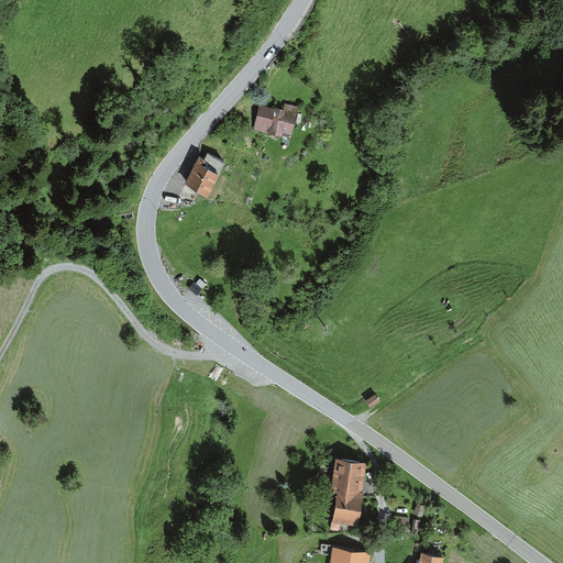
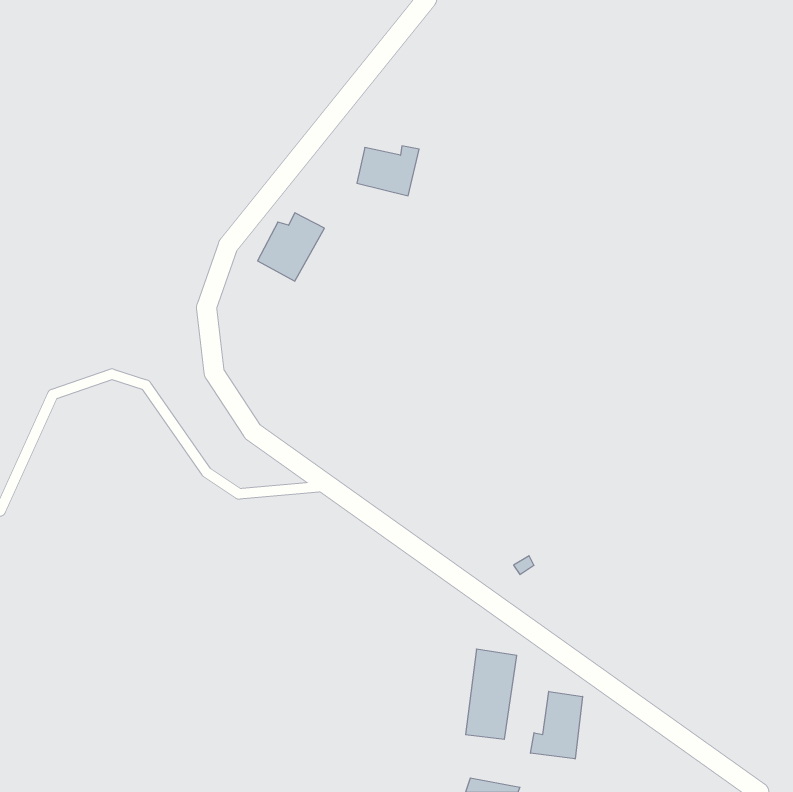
building: none -> [531,691,583,759]

